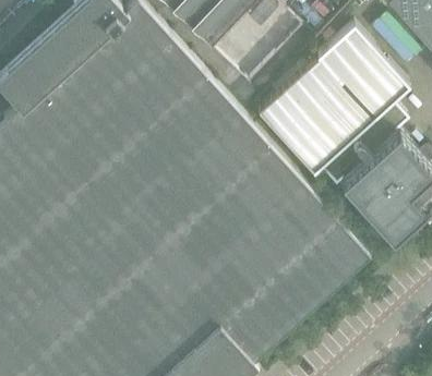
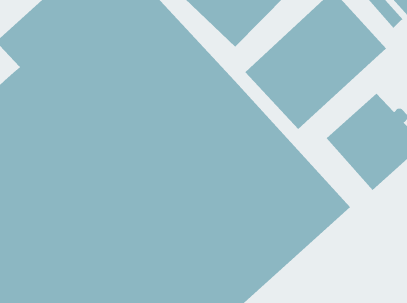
building: [322,106,409,186] -> none

